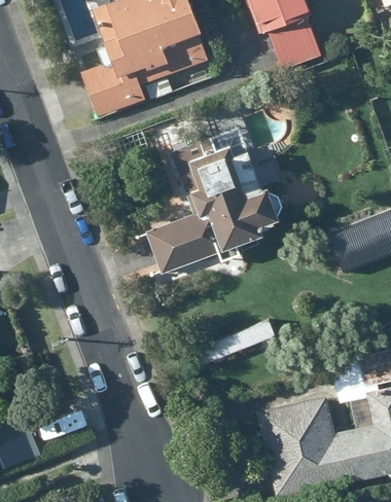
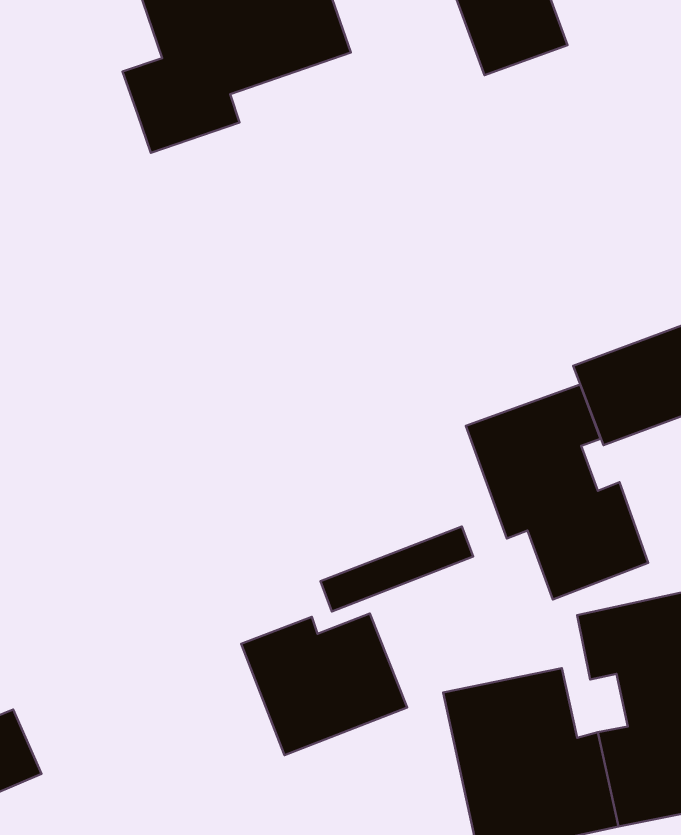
building: [150,134,283,270] -> none
building: none -> [466,385,648,599]
building: none -> [241,613,407,755]

